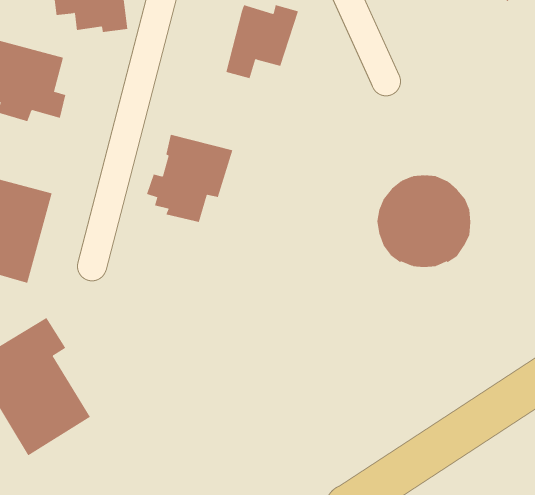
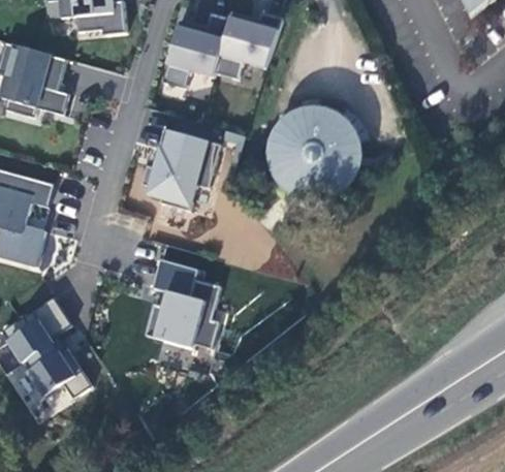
building: none -> [163,11,229,88]
building: [376,175,471,268] -> [272,109,358,194]
building: none -> [144,258,218,348]

